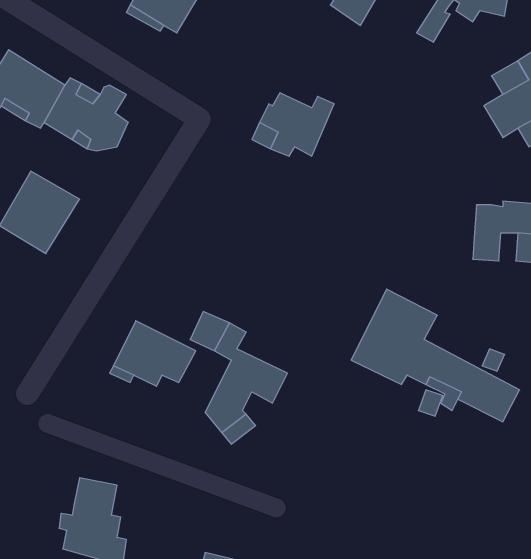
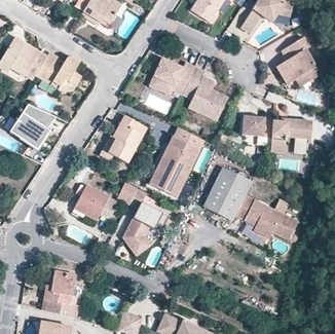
building: none -> [182,65,226,119]
building: none -> [99,114,147,162]
building: none -> [243,114,273,136]
building: none -> [148,125,204,196]

